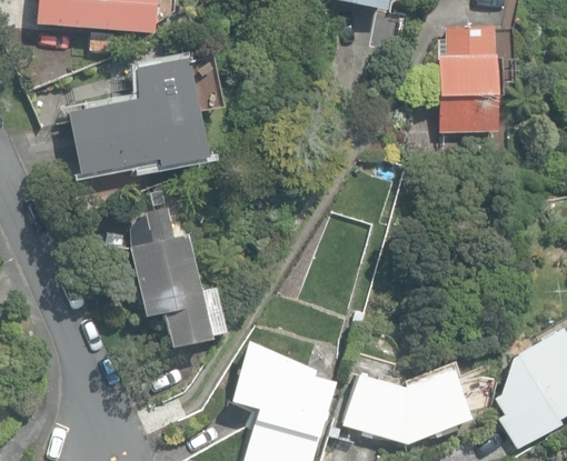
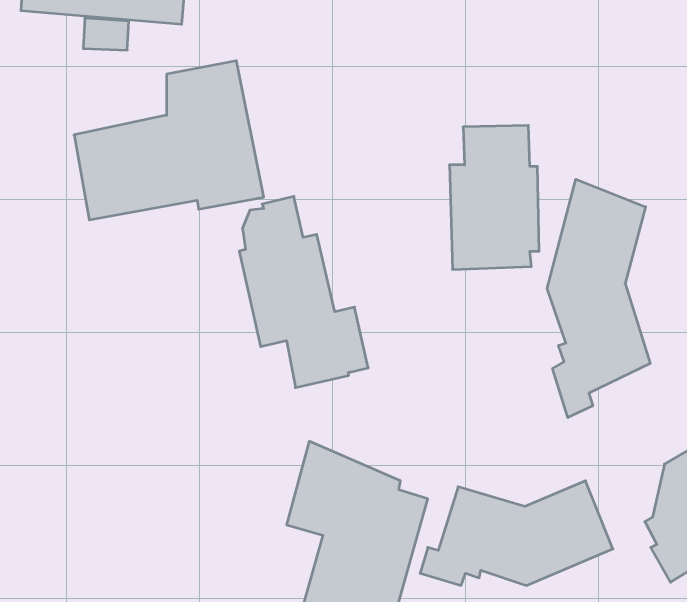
building: [438,27,504,132] -> [449,125,539,269]
building: none -> [547,179,650,418]
building: [131,206,226,345] -> [239,196,368,388]

